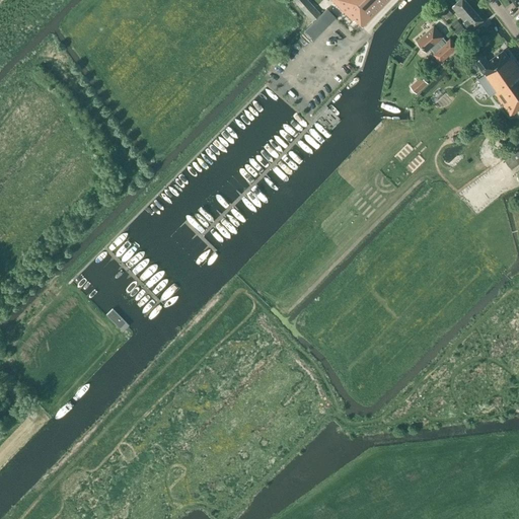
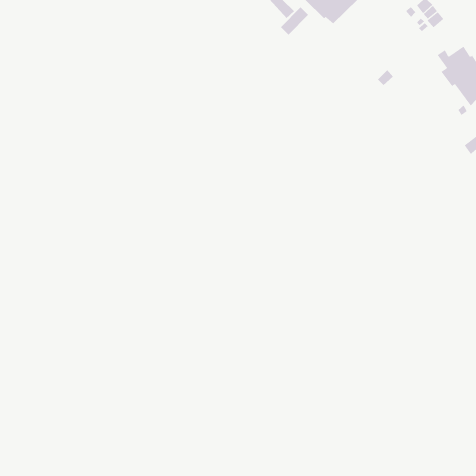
building: [418,25,459,62] -> none

